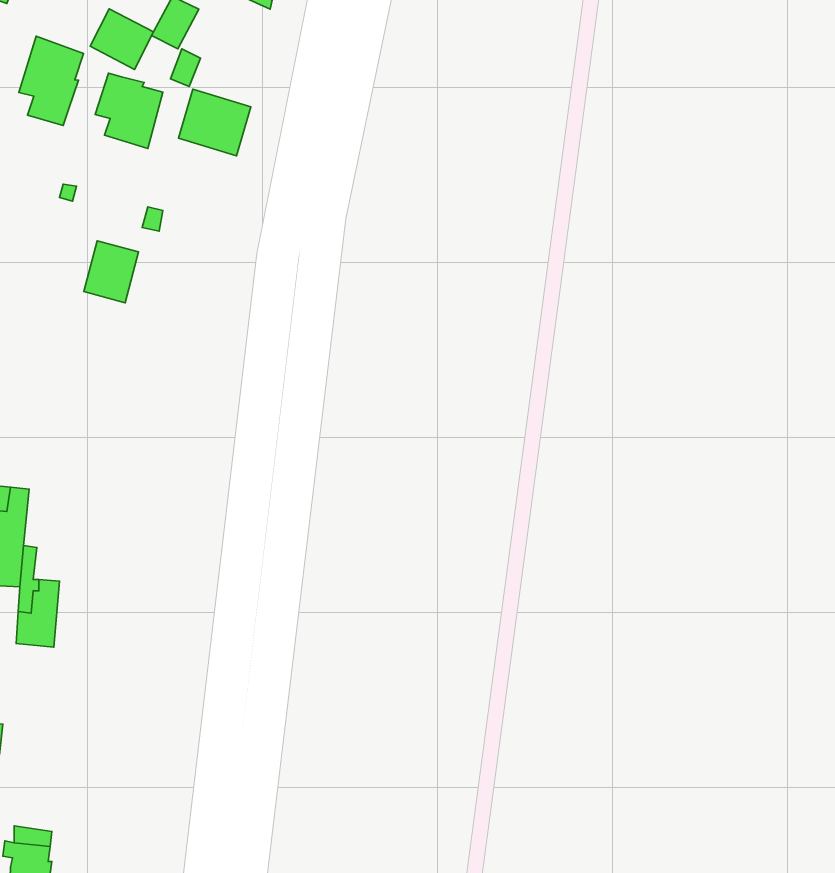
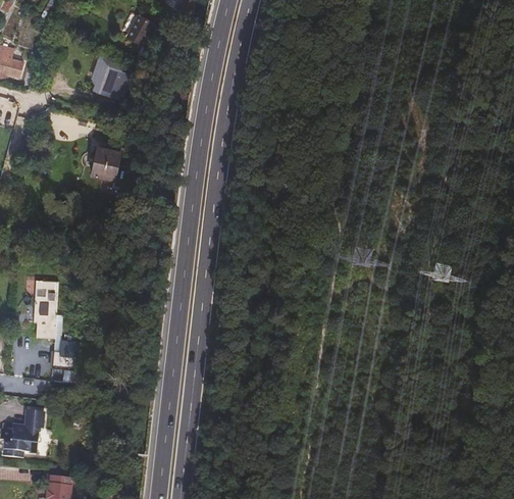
building: [90,9,153,69] -> none
building: [19,36,83,125] -> none
building: [178,89,251,156] -> none

